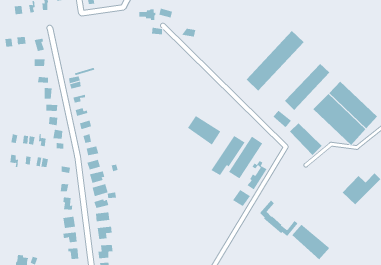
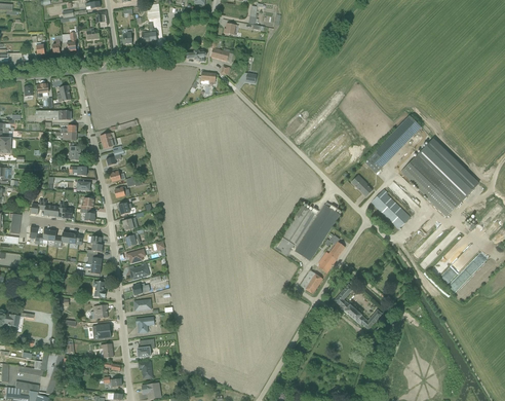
building: [246,30,304,92] -> none
building: [187,115,221,145] -> none
building: [292,224,330,260] -> none

